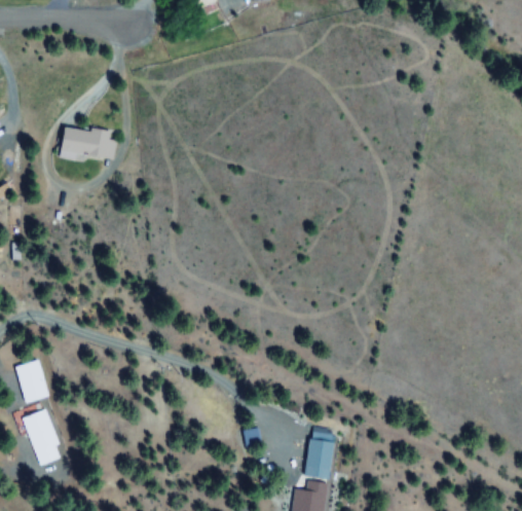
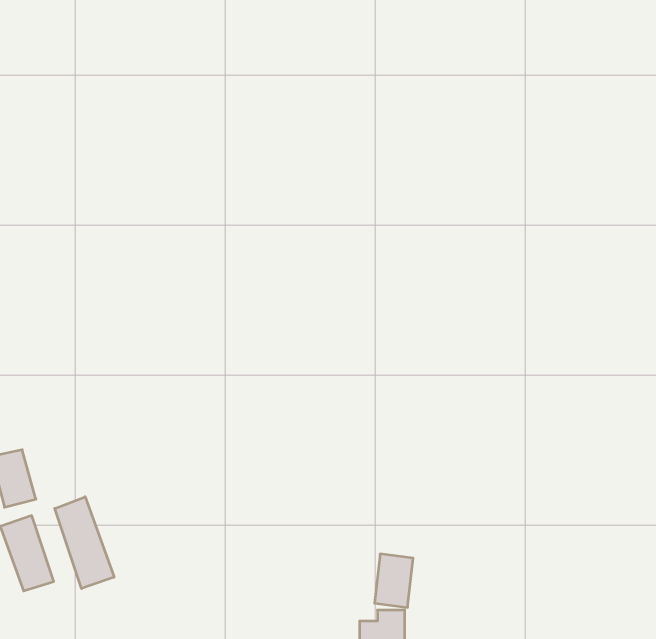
building: [60,126,117,161] -> none
building: none -> [55,497,114,589]

